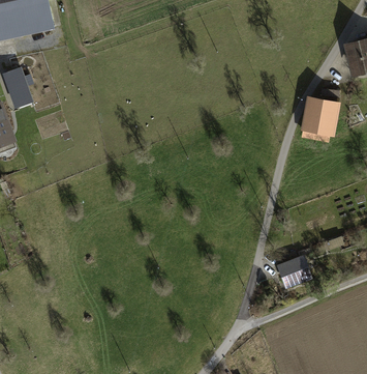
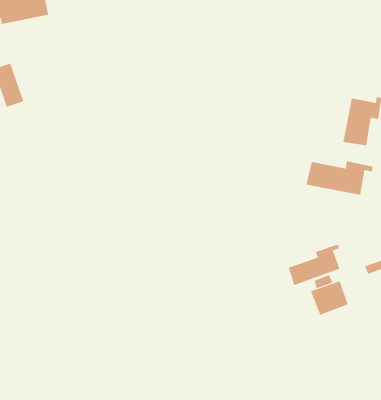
building: none -> [306,161,373,195]
building: none -> [288,244,340,286]

